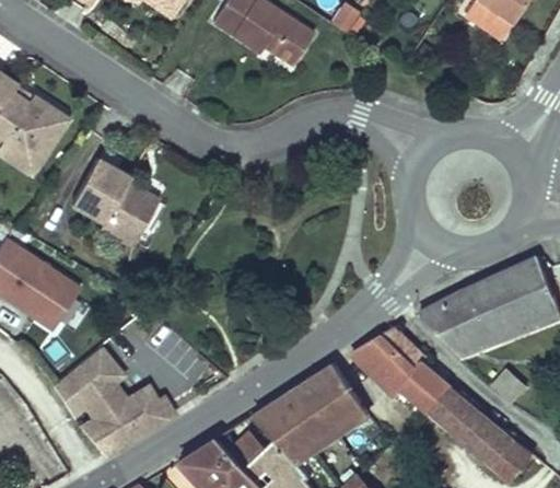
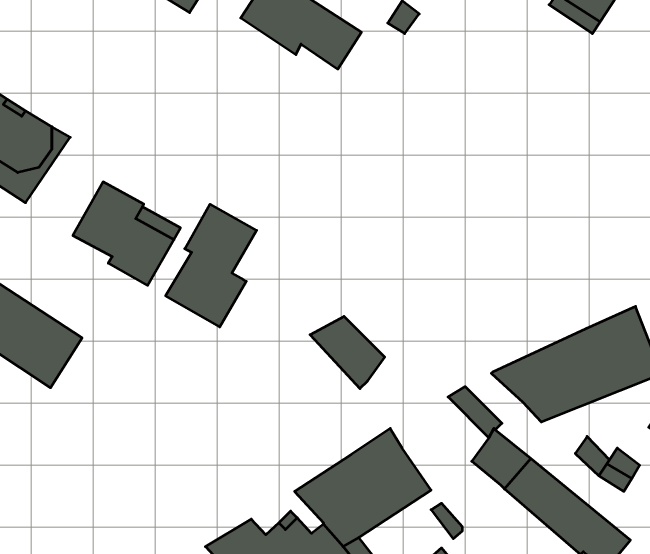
building: none -> [166,204,257,327]
building: [353,336,416,396] -> [310,316,385,389]
building: [49,346,170,455] -> none

